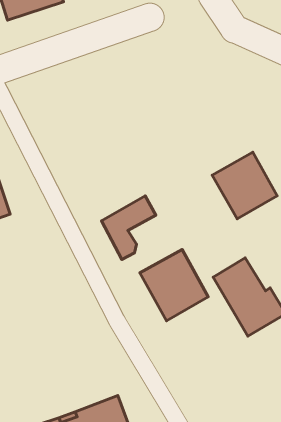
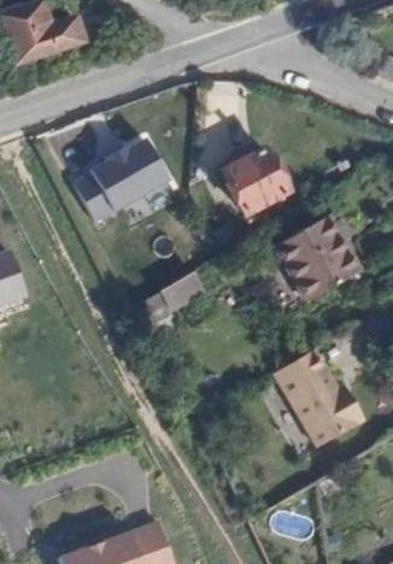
building: none -> [72,140,168,224]
building: none -> [222,146,294,213]
building: [140,249,208,321] -> none

